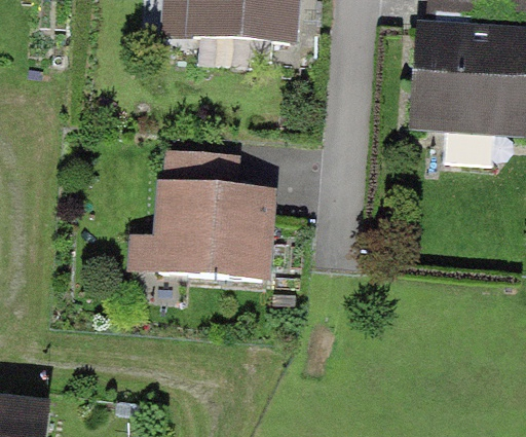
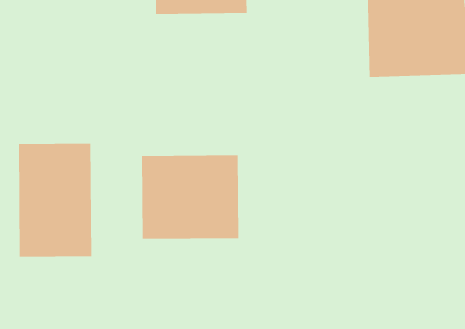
building: none -> [18,143,92,257]

